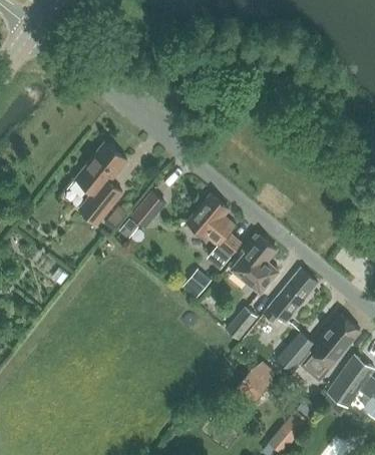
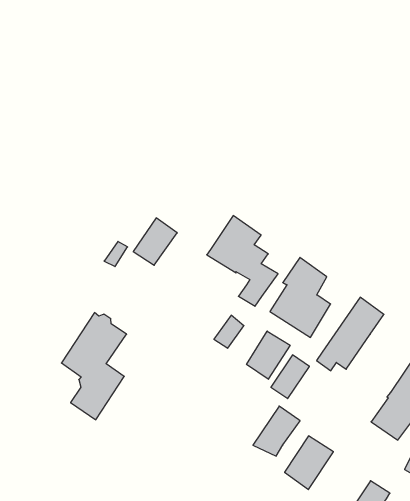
building: [75,141,127,223] -> [61,313,127,420]
building: none -> [247,331,290,379]
building: [277,334,315,372] -> [253,406,300,456]

